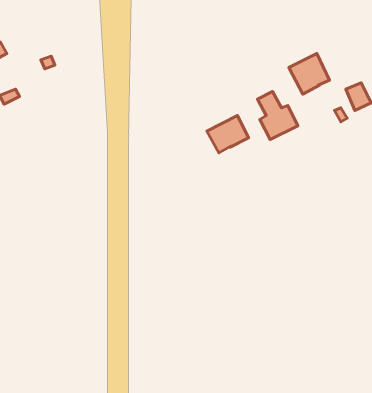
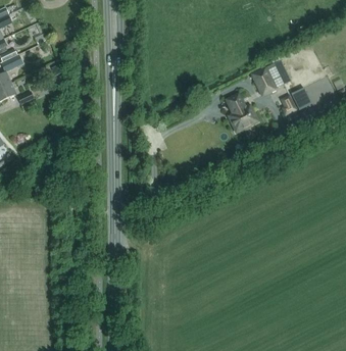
building: [207,115,249,153] -> none

